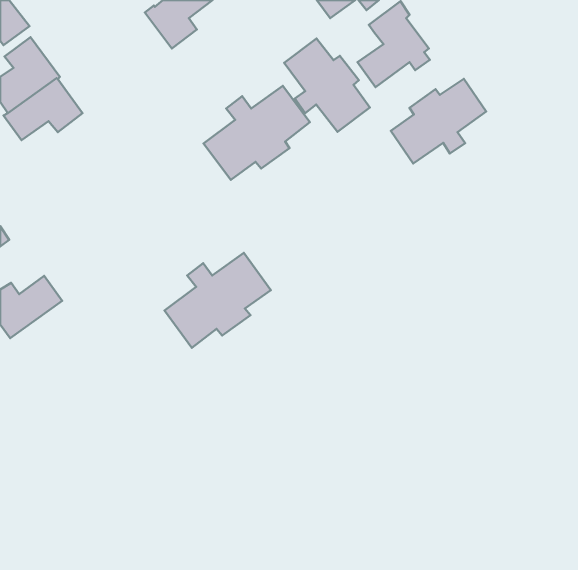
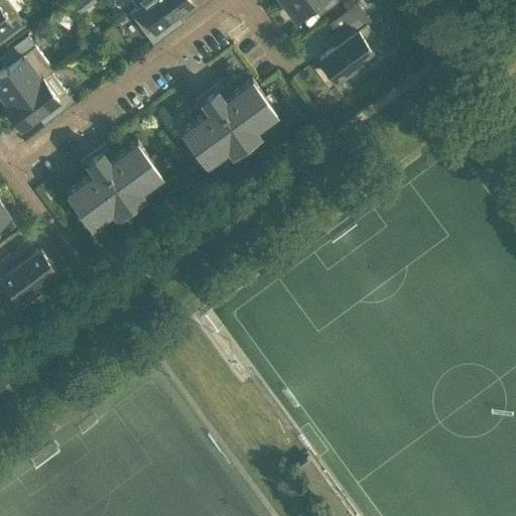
building: [284,39,370,132] -> none
building: [391,79,486,163] -> none
building: [165,253,271,348] -> [67,145,161,230]

